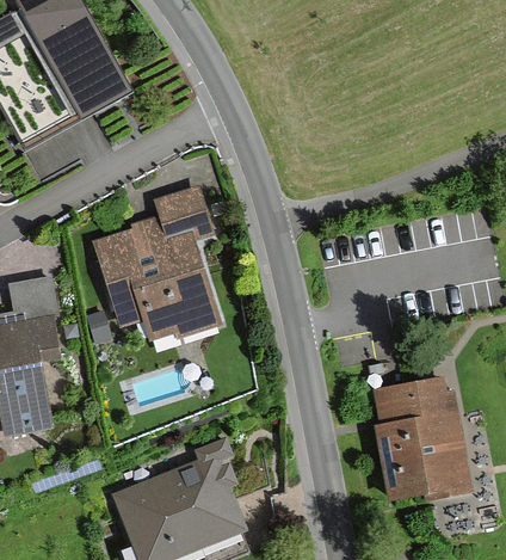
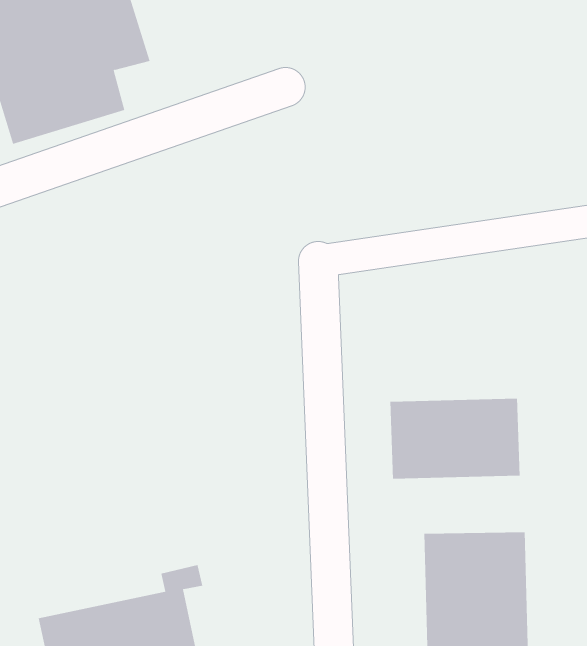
building: [98,191,218,344] -> none
building: none -> [390,398,520,479]

